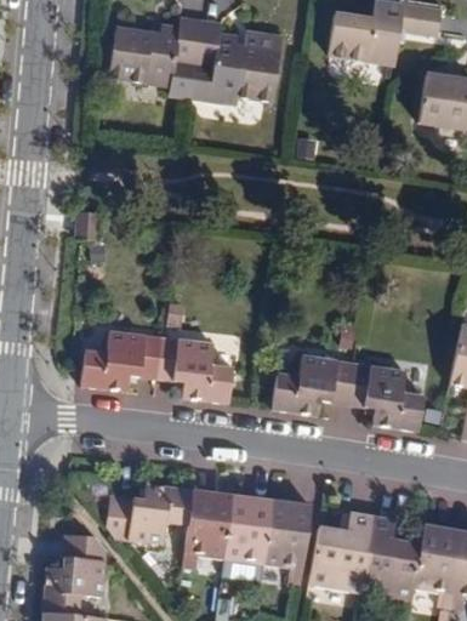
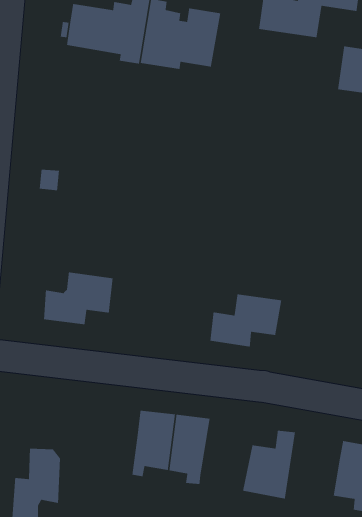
building: [156,337,234,405] -> none
building: [348,363,428,432] -> none
building: [104,483,192,539] -> none
building: [262,498,314,582] -> none
building: [359,514,421,599] -> none

